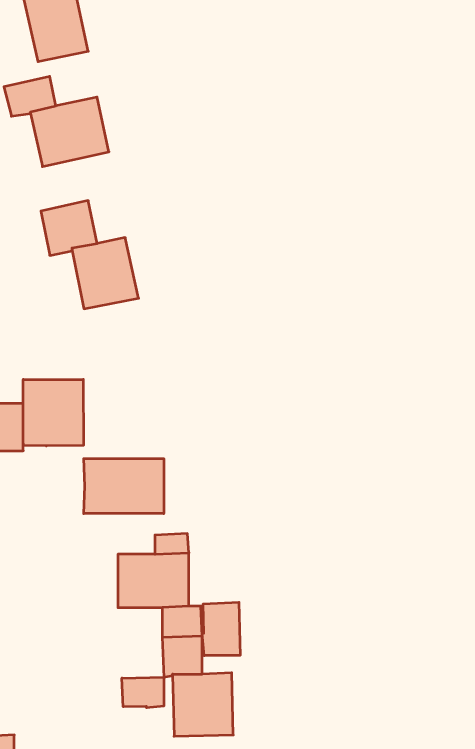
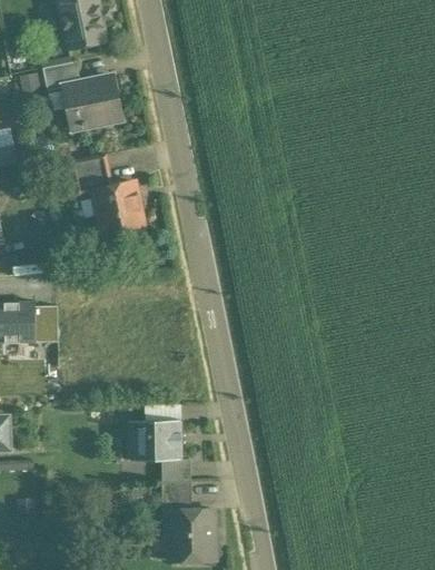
building: [23,379,83,446] -> none
building: [84,459,164,514] -> none
building: [202,602,240,656] -> none
building: [122,677,164,708] -> none

